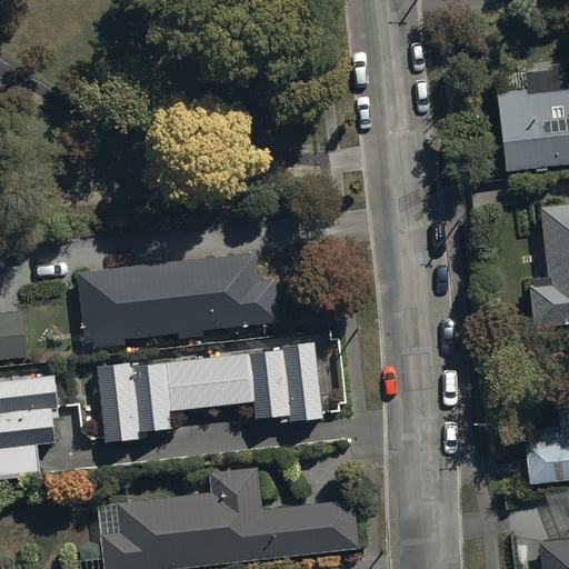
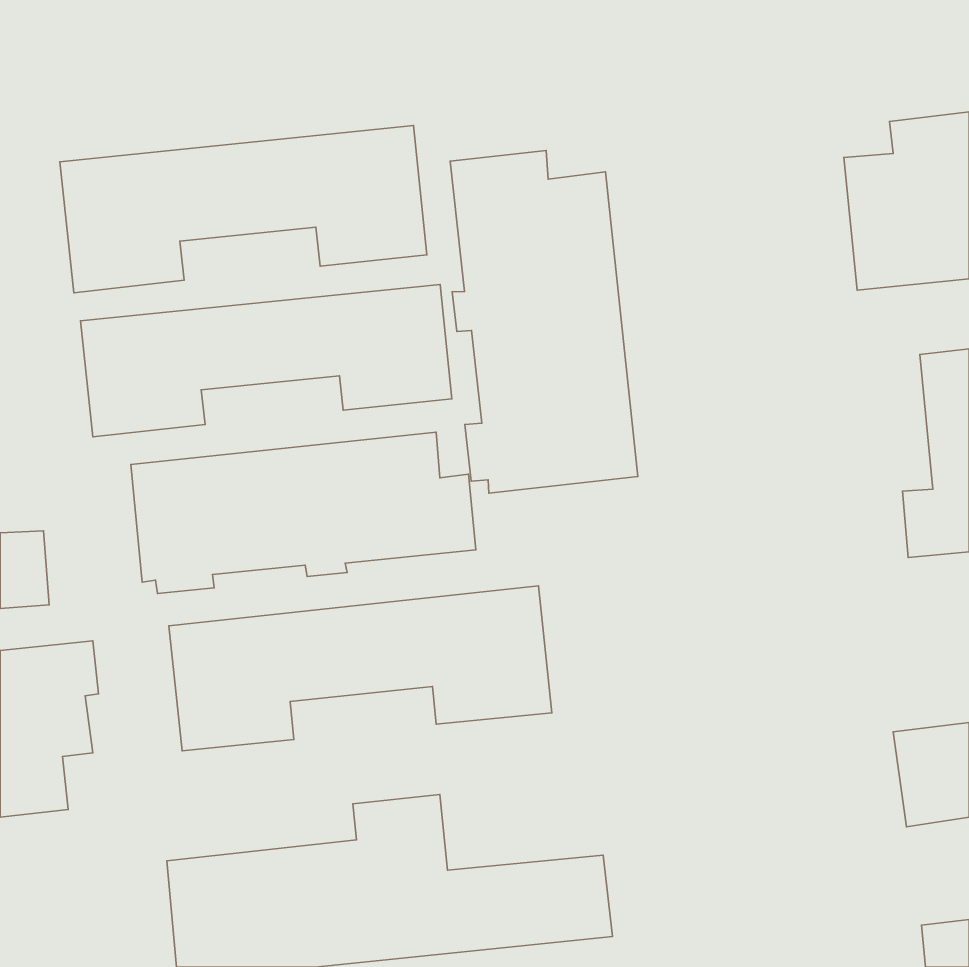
building: none -> [60,126,427,293]
building: none -> [450,150,638,493]
building: none -> [81,284,452,437]

